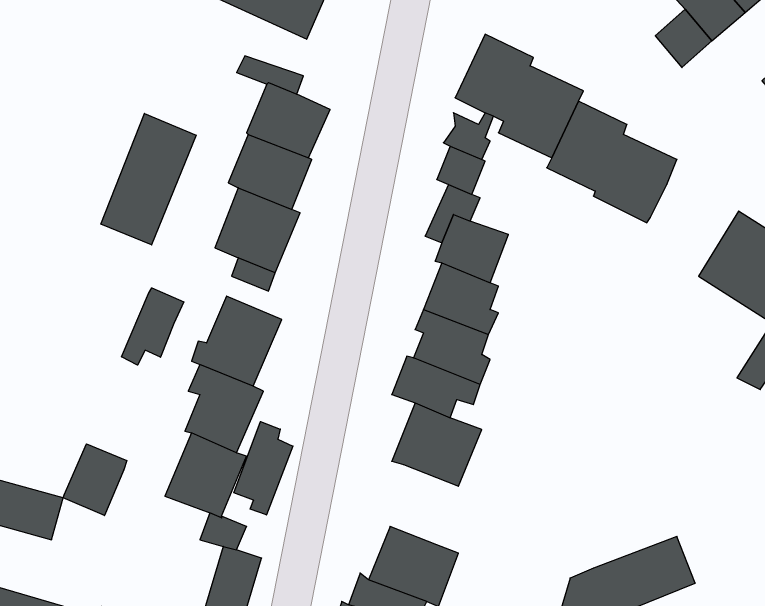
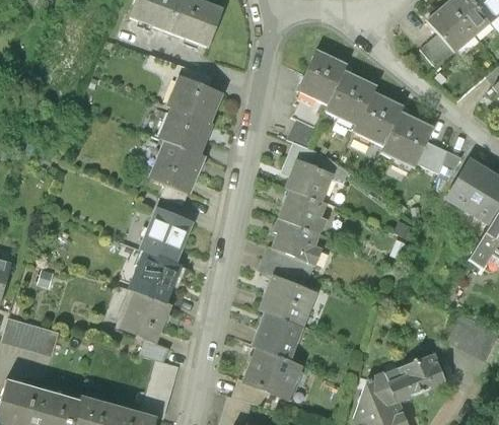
building: [101,113,196,245] -> none
building: none -> [417,140,457,175]
building: [122,288,184,365] -> none
building: [234,422,293,515] -> none
building: [63,444,127,516] -> none
building: none -> [253,310,300,359]

